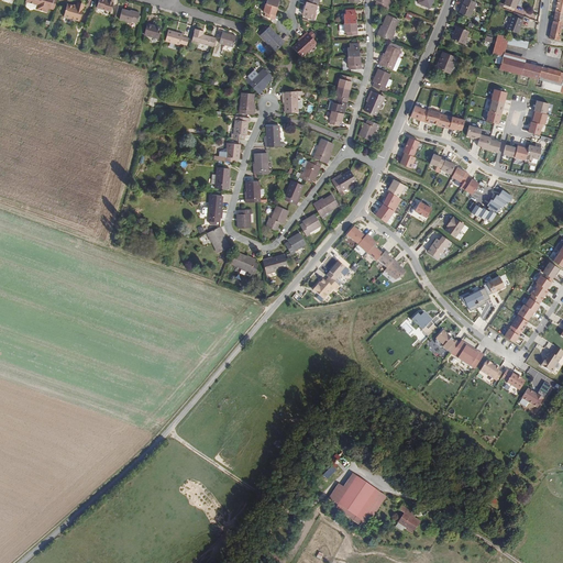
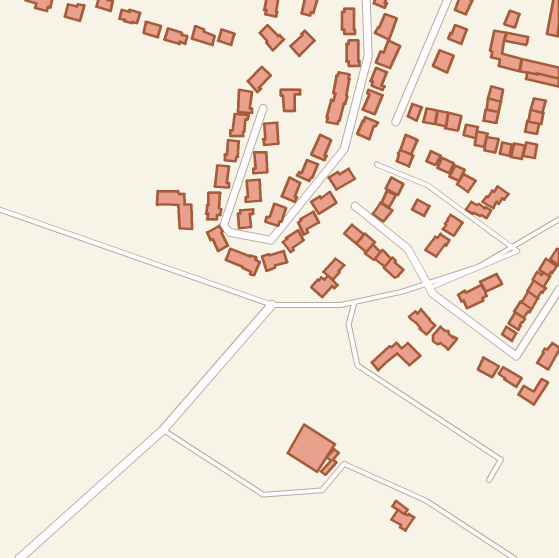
building: none -> [157,191,192,229]
building: [450,339,482,367] -> none
building: none -> [372,343,420,370]
building: [334,474,382,521] -> [288,425,335,472]

